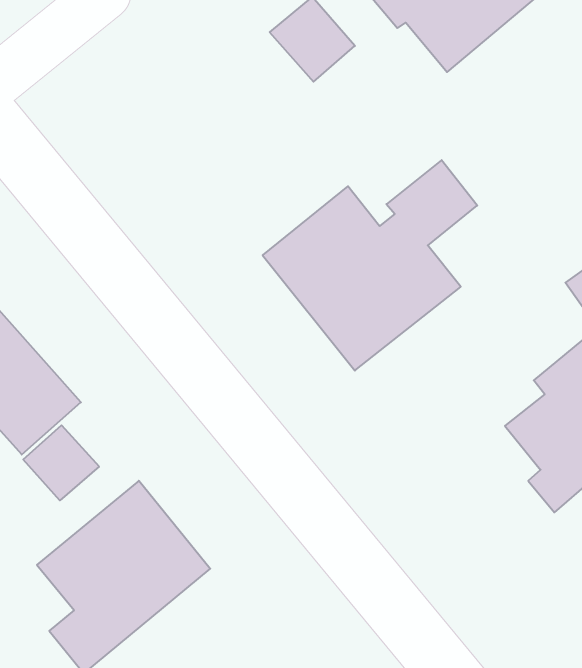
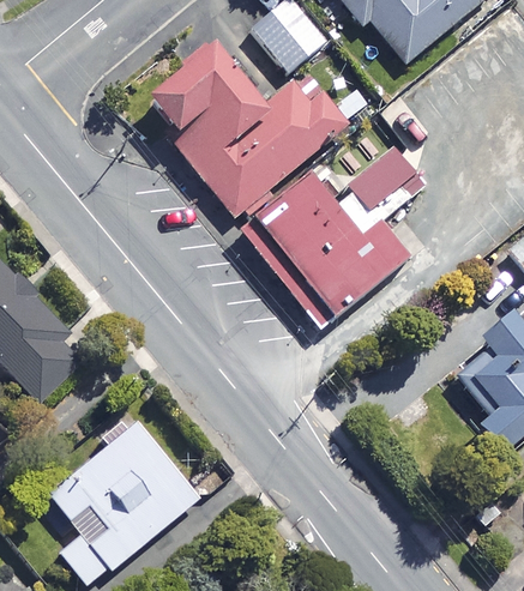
building: none -> [153,37,354,216]
building: [23,425,99,500] -> none

